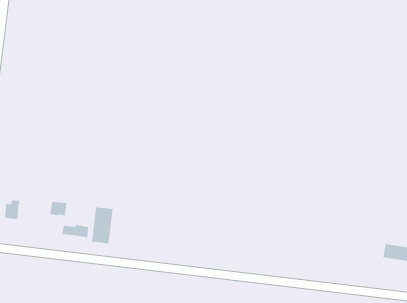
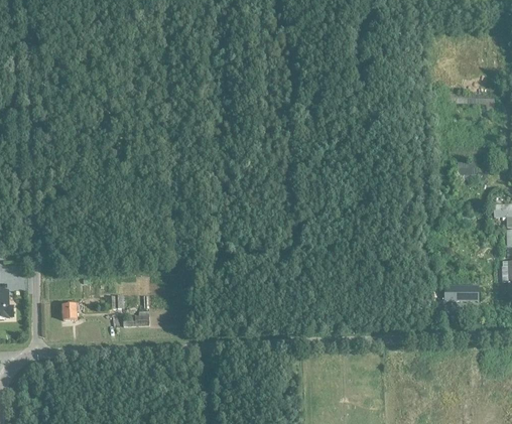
building: [91,206,113,244] -> none

